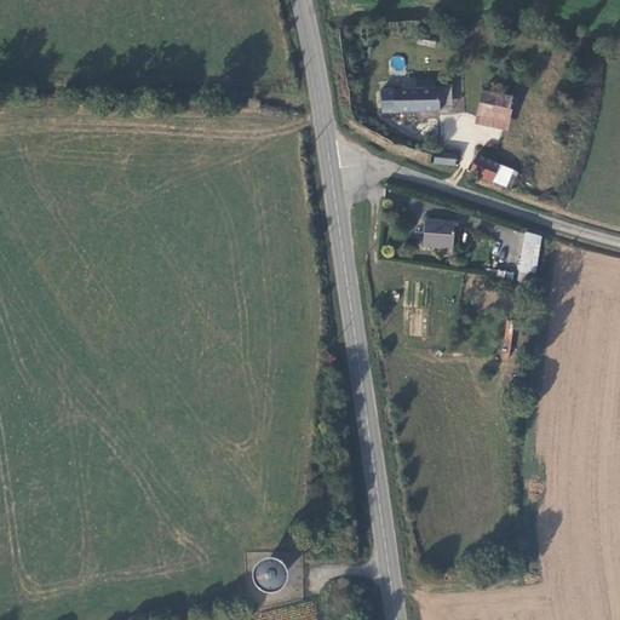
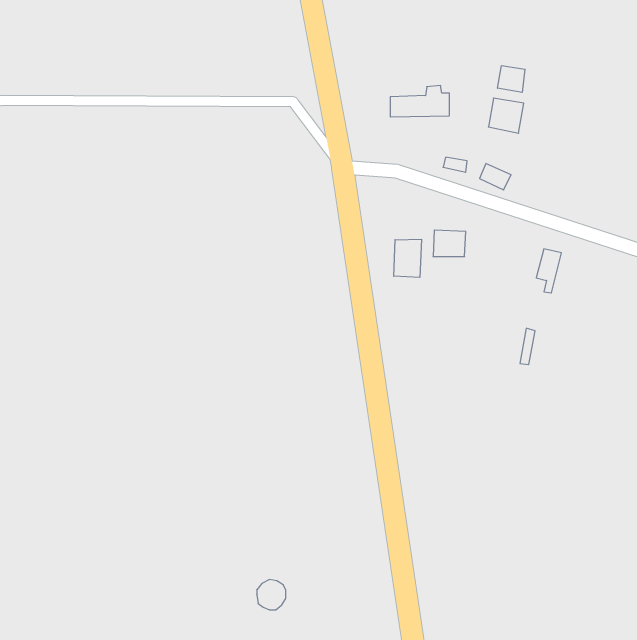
building: none -> [498,66,525,92]
building: none -> [394,239,421,277]

